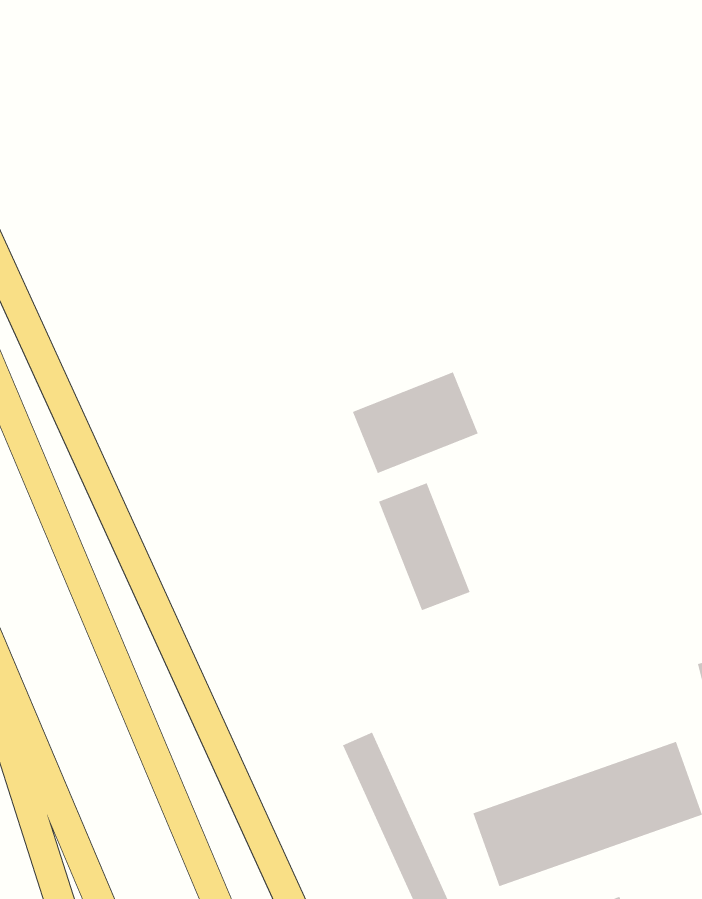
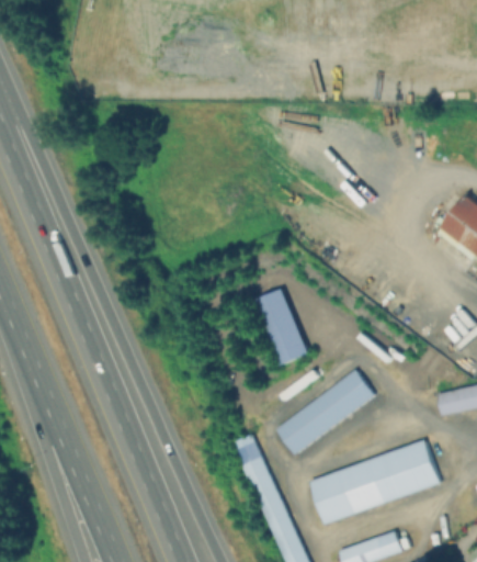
building: [352,372,479,474] -> none
building: none -> [279,370,374,453]

